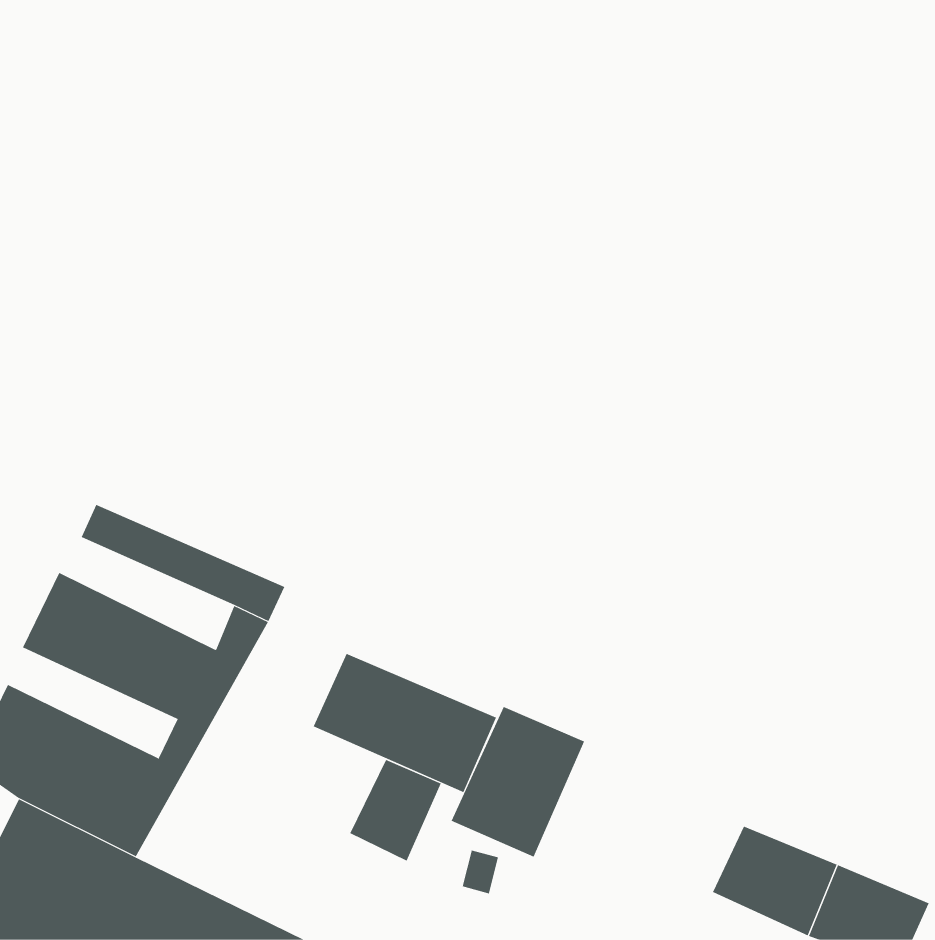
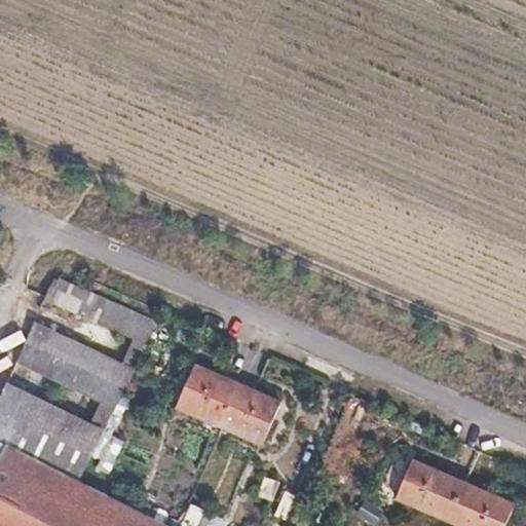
building: [451,706,585,857] -> none
building: [350,759,441,862] -> none

